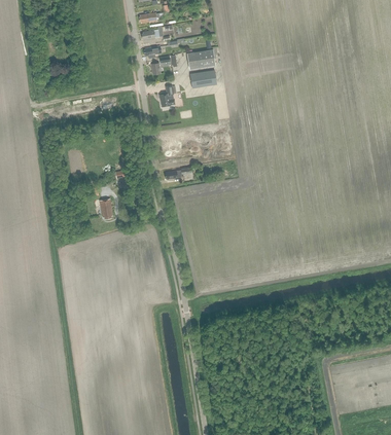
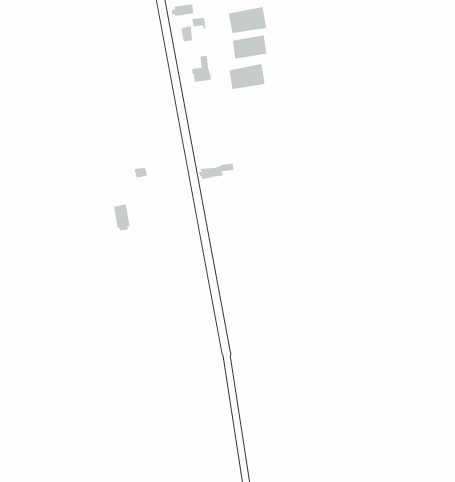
building: none -> [229,63,265,90]

